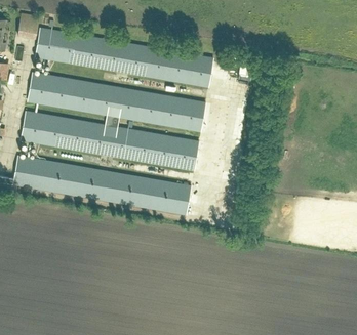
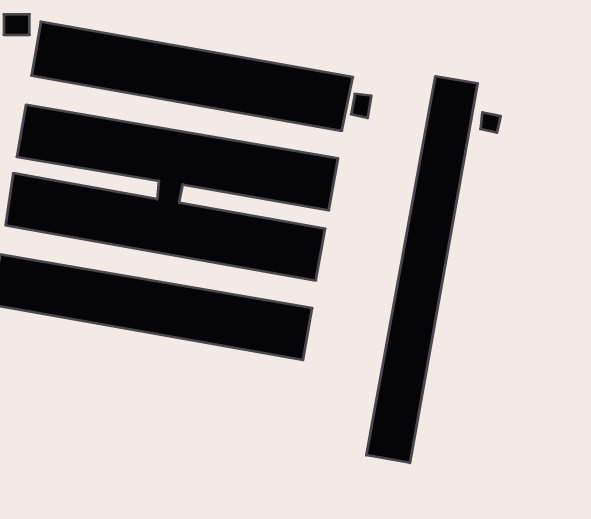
building: none -> [366,76,478,463]

